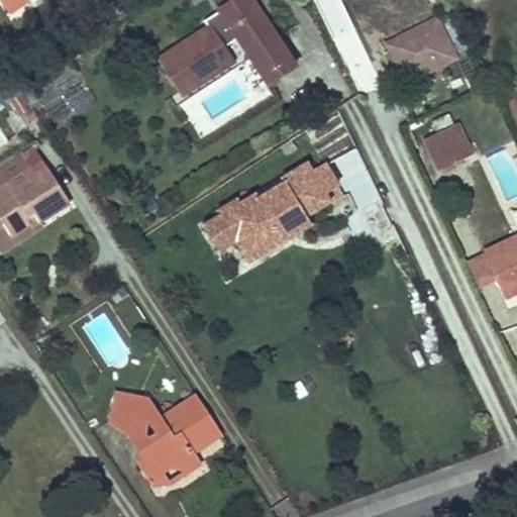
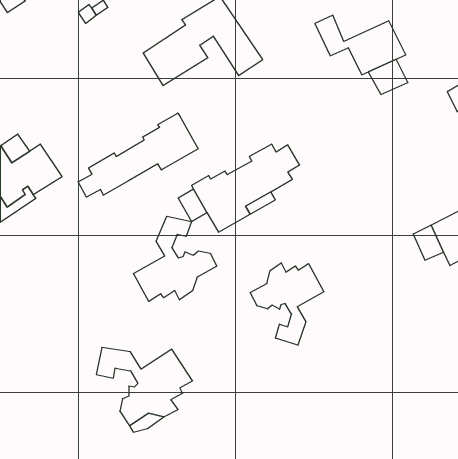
building: [427,125,472,165] -> [368,59,408,94]
building: none -> [78,113,198,197]
building: none -> [133,216,217,301]
building: none -> [250,263,324,345]

